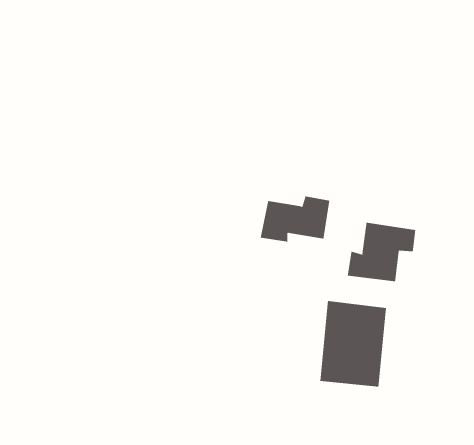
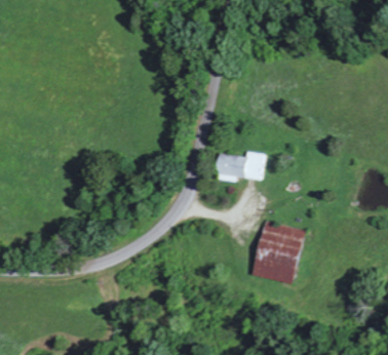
building: [347,222,416,282] -> none

